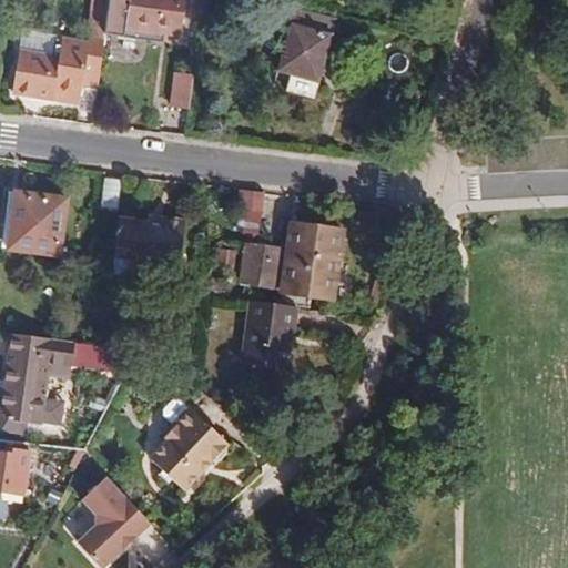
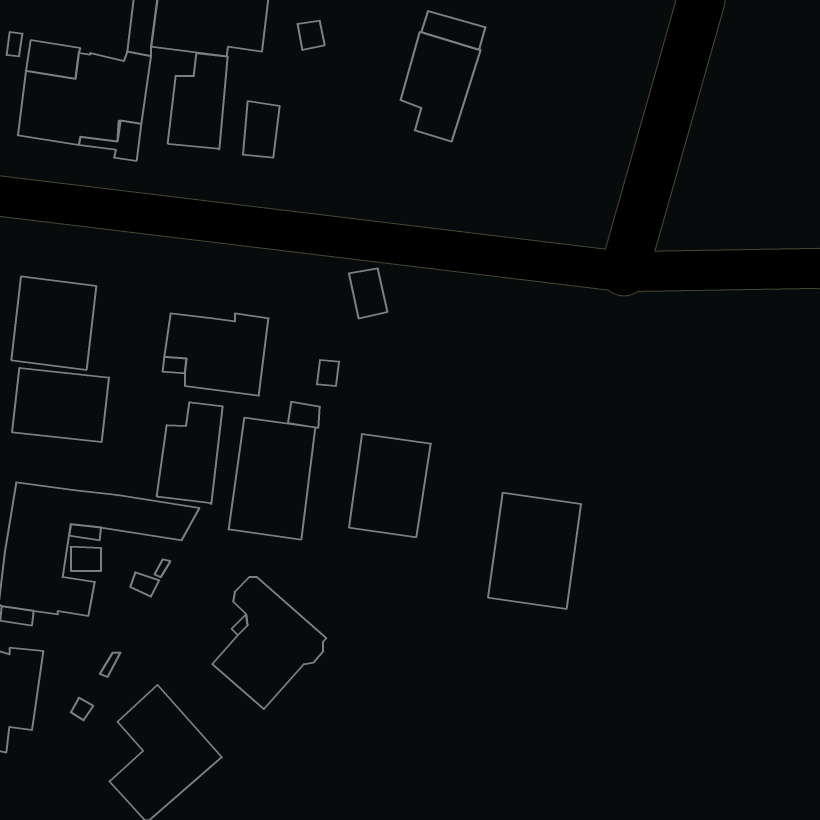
building: none -> [168,53,228,149]
building: [280,221,344,301] -> [488,493,581,609]
building: [239,243,280,287] -> none
building: none -> [12,368,109,442]
building: none -> [157,402,223,504]
building: none -> [229,418,315,540]

